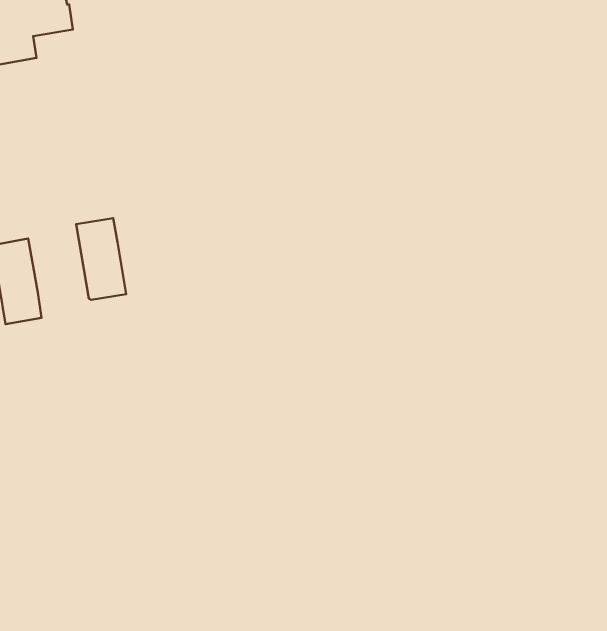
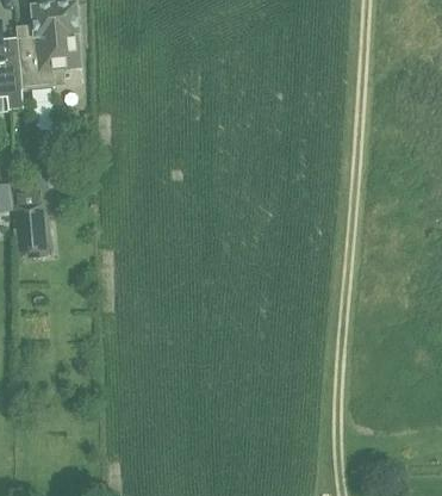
building: [76,218,126,300] -> none

